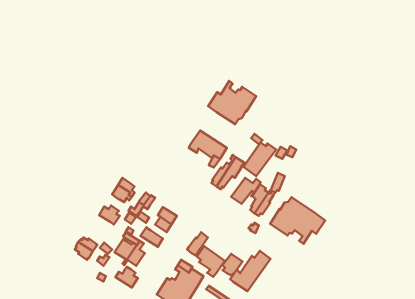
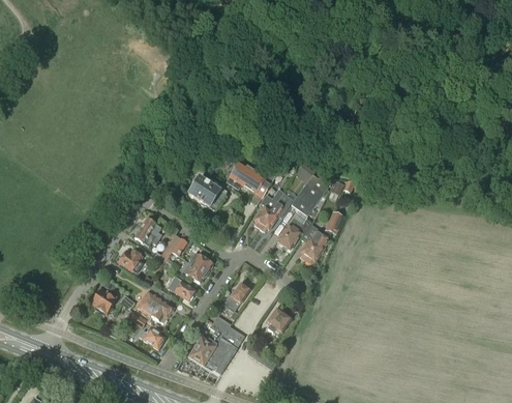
building: [208,81,256,124] -> none
building: none -> [188,176,225,208]
building: [270,197,325,244] -> none
building: [197,246,225,277] -> none
building: [230,251,271,291] -> none

